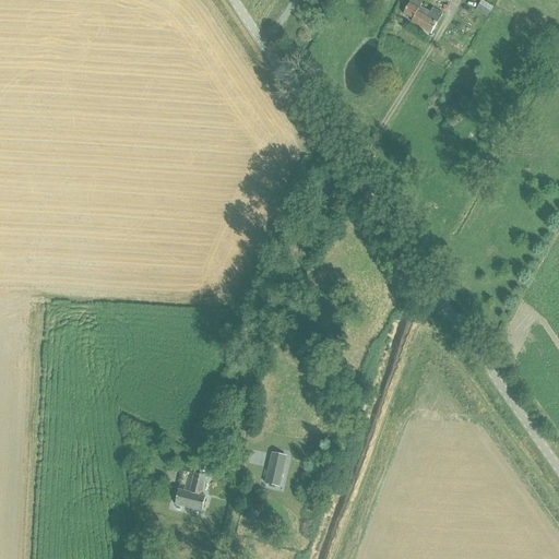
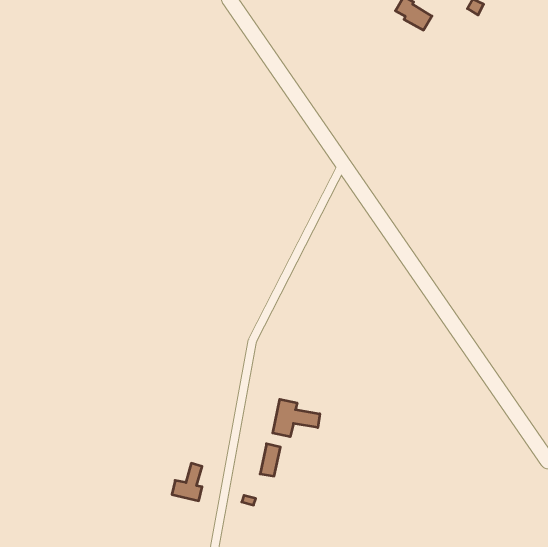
building: none -> [273,399,320,437]

